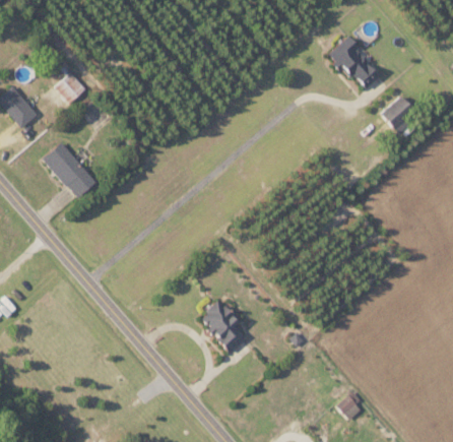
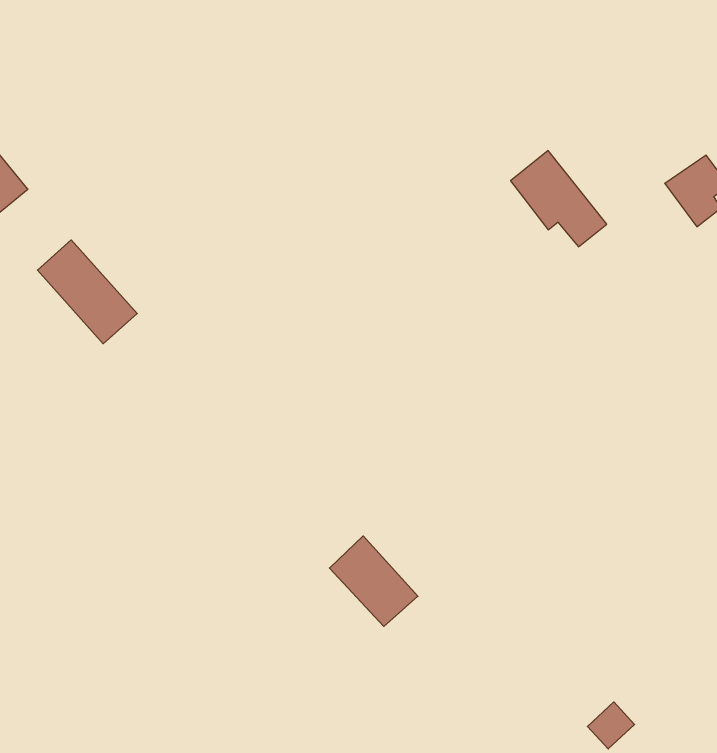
building: [329,36,381,87] -> [511,151,607,247]
building: [55,72,85,103] -> none

